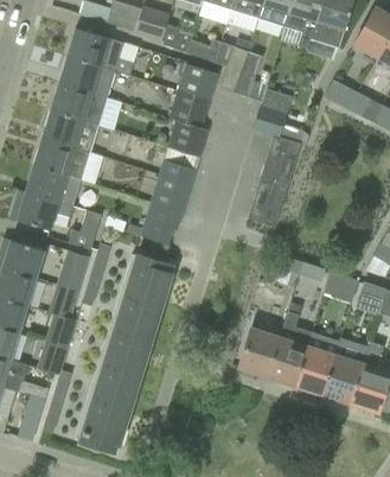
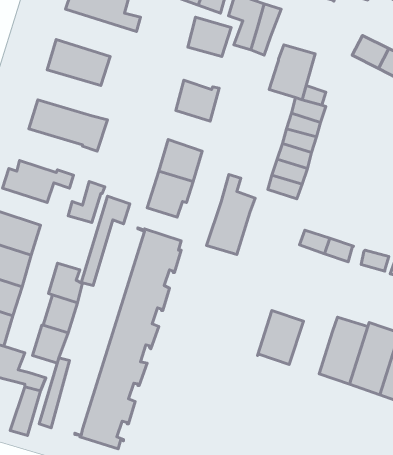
building: [58,56,115,98] -> none
building: [167,90,207,128] -> none
building: [41,110,98,152] -> none
building: [159,147,197,184] -> none
building: [25,164,82,205] -> none
building: [59,250,90,291] -> none
building: [268,312,312,384] -> [207,174,255,255]

